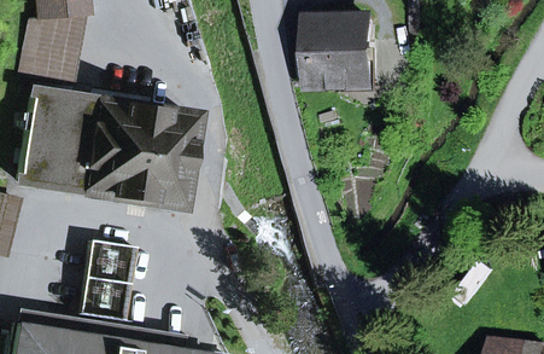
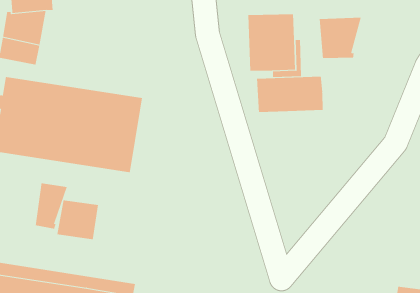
building: none -> [319,17,361,59]
building: none -> [257,76,323,113]
building: none -> [35,182,67,229]

